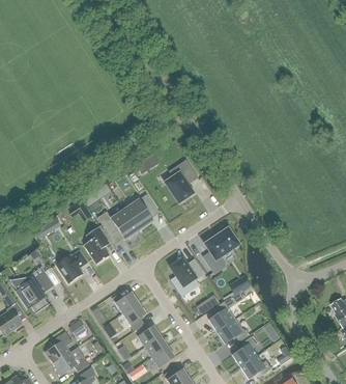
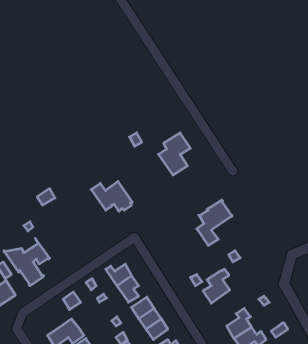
building: [123,193,155,229] -> none
building: [83,226,109,264] -> none
building: [55,250,86,282] -> none
building: [170,258,204,296] -> none
building: [217,318,249,342] -> none
building: [45,331,71,363] -> none

